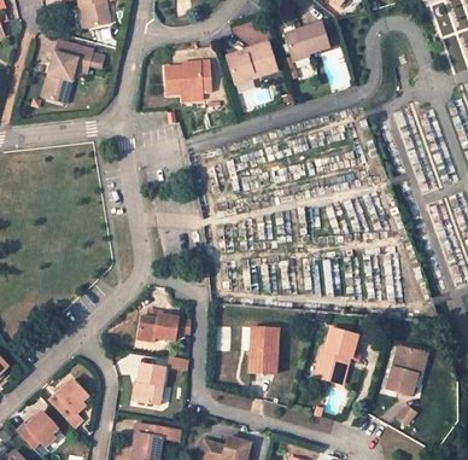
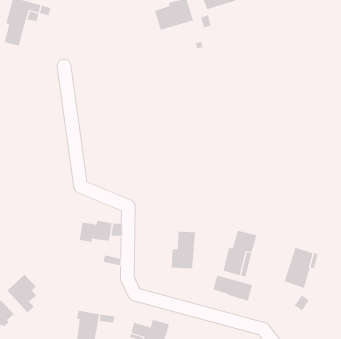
building: [166,59,212,94] -> none
building: [135,365,164,404] -> none
building: none -> [213,275,252,301]

